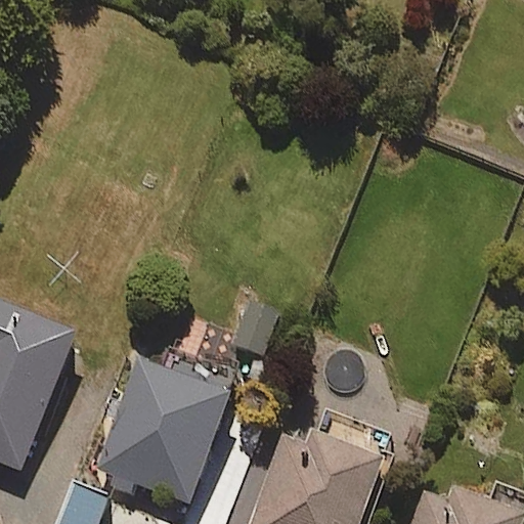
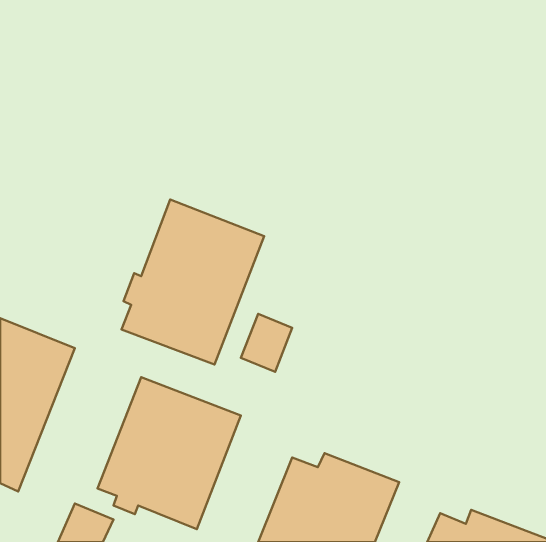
building: none -> [122,200,264,365]

